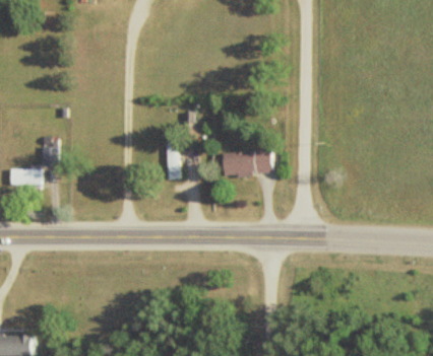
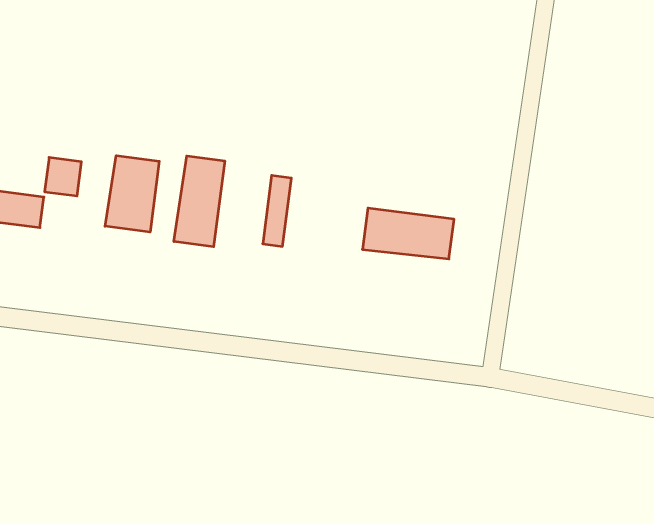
building: none -> [174,156,225,247]
building: none -> [105,156,159,232]

